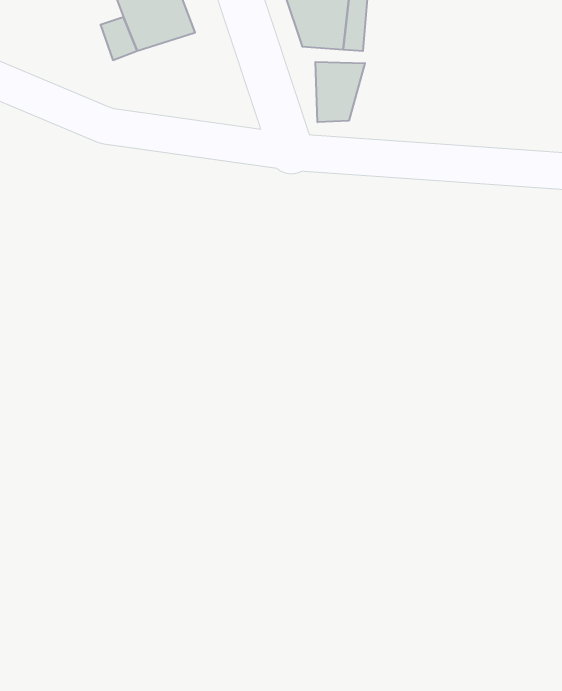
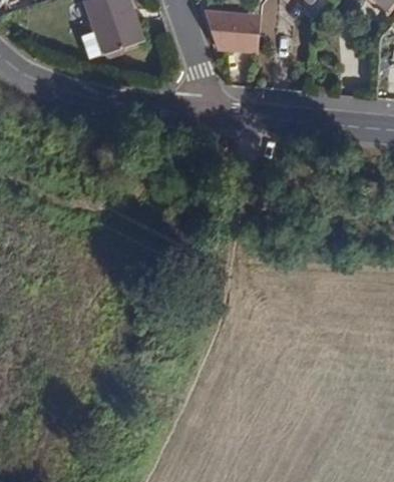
building: [315,62,365,122] -> none

